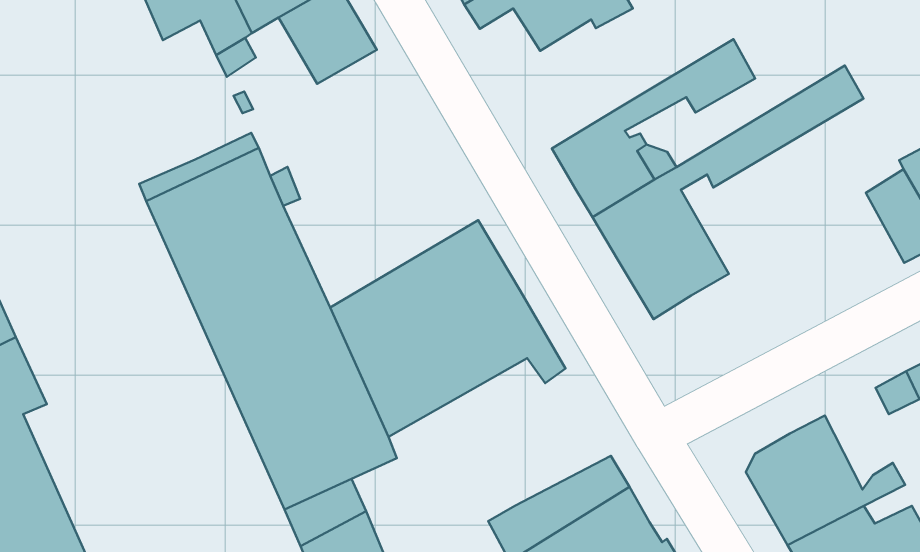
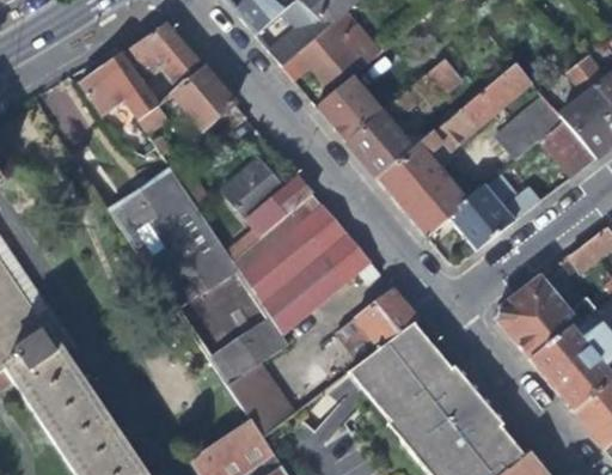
building: none -> [318,75,385,142]
building: none -> [495,95,563,160]
building: none -> [224,159,313,235]
building: none -> [448,178,540,250]
building: none -> [337,287,418,360]

